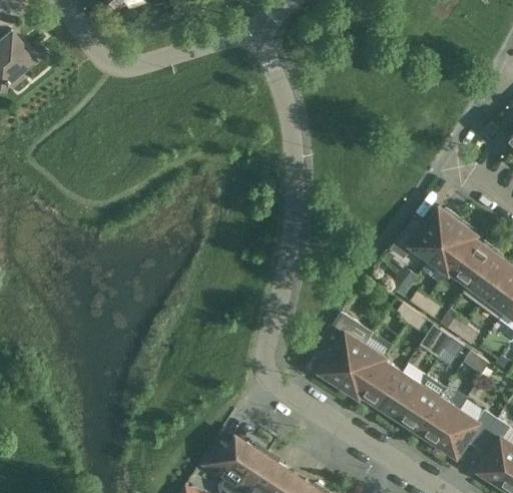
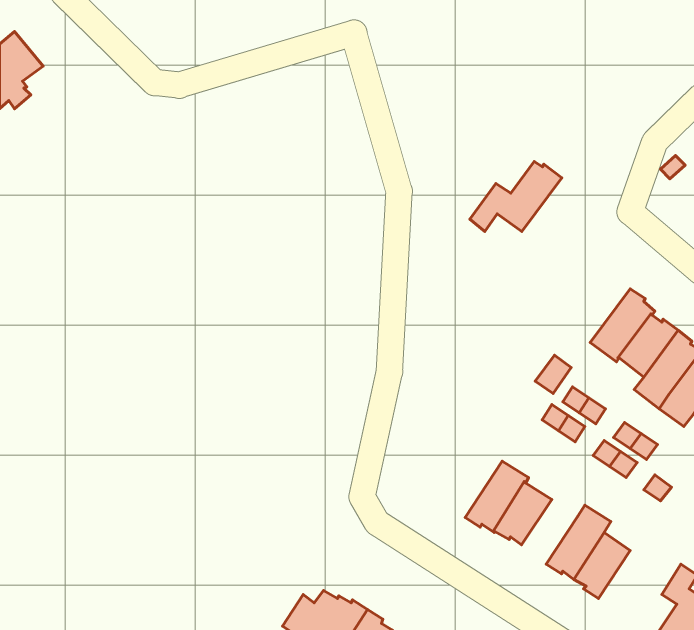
building: [393,208,460,260] -> [470,161,562,232]
building: [314,315,374,387] -> none
building: [381,374,422,421] -> none
building: [437,411,497,457] -> none

